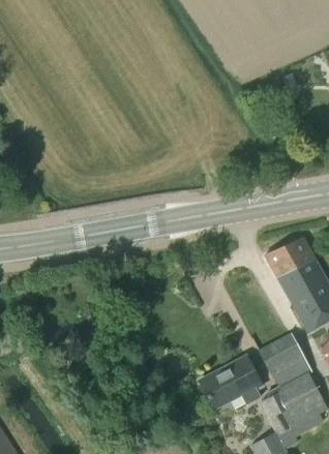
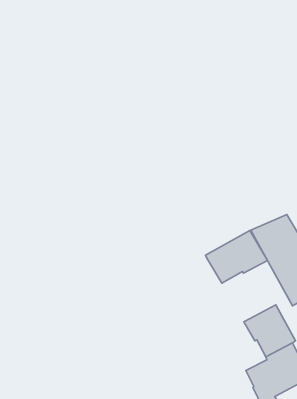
building: none -> [205,230,267,283]
building: [206,357,263,405] -> none

